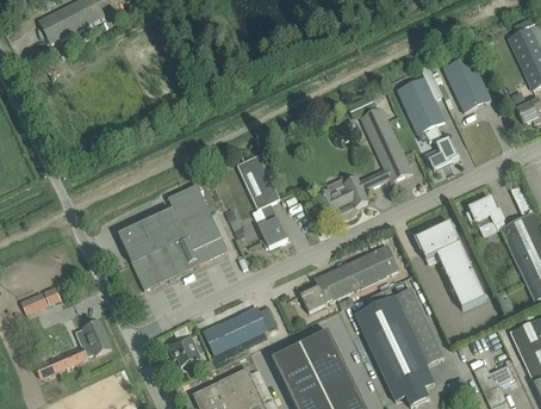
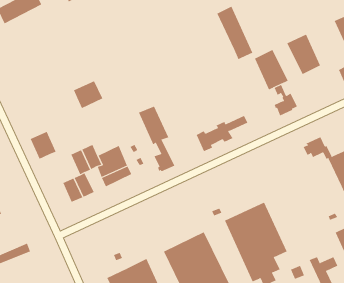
building: [360,106,411,181] -> [216,6,253,60]
building: [168,184,210,223] -> [73,81,103,109]
building: [415,221,485,308] -> none
building: [118,222,155,261] -> [30,131,56,159]
building: [162,238,191,274] -> none
building: [300,244,398,310] -> none
building: [203,305,276,353] -> none
building: [83,320,110,353] -> none
building: [167,333,197,365] -> none

